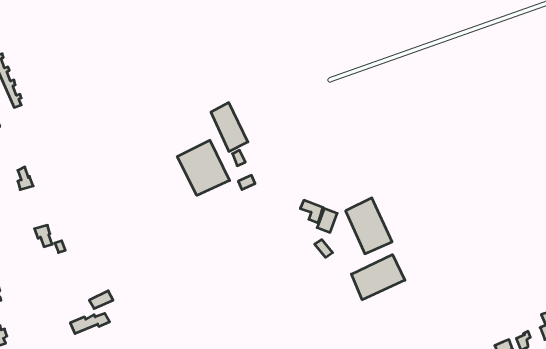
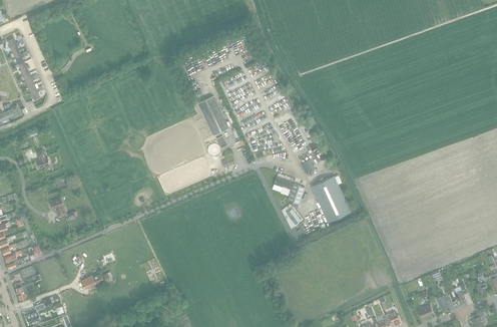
building: [177,140,230,195] -> none
building: [351,255,405,300] -> none

